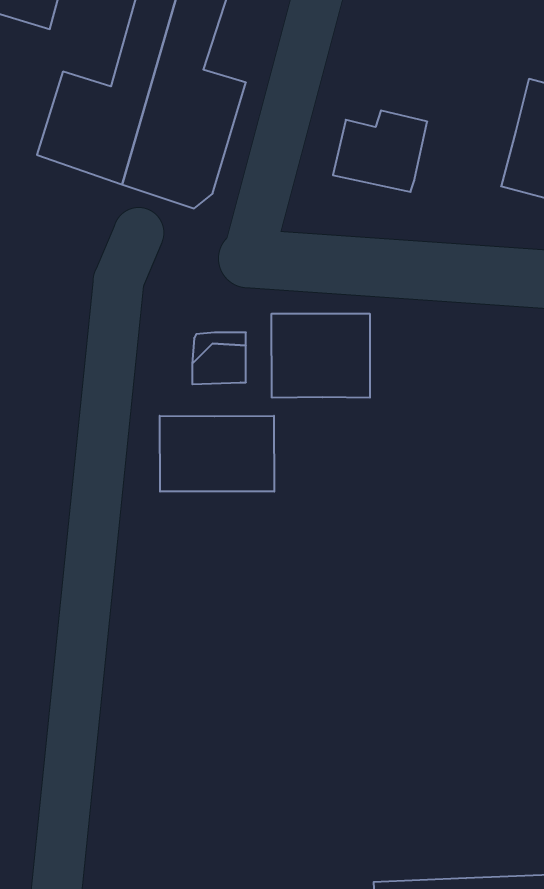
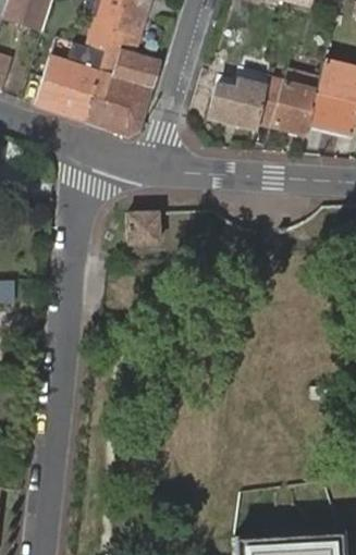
building: none -> [258,77,318,133]
building: [272,314,370,398] -> none
building: [160,416,274,492] -> none

